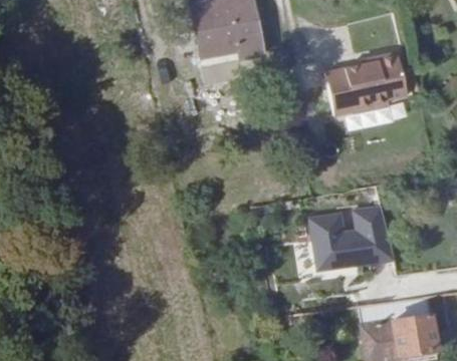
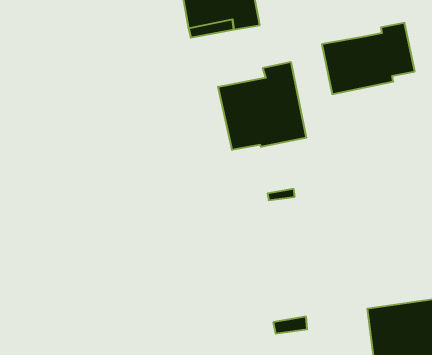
building: none -> [218,62,306,150]
building: [311,202,397,271] -> none

